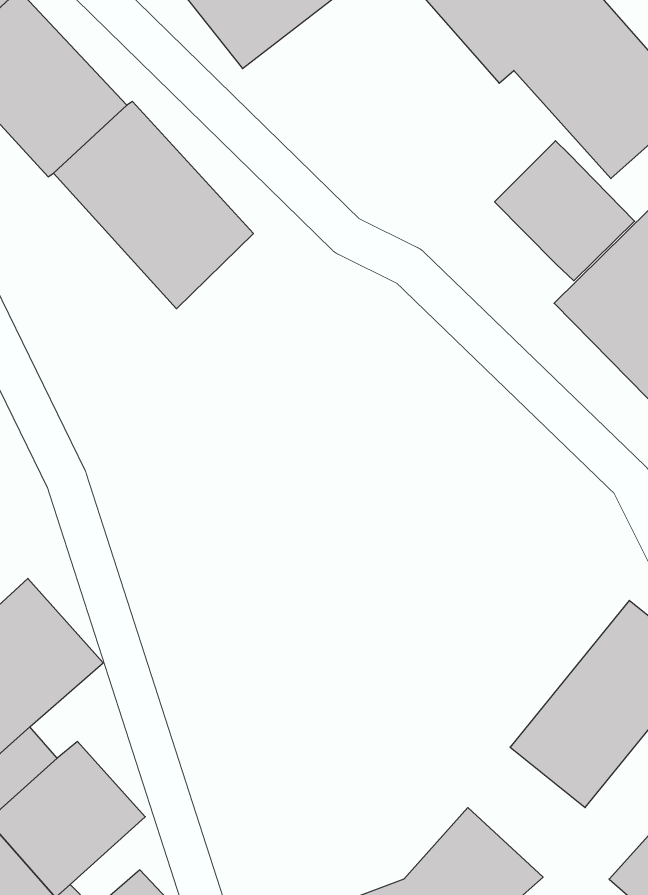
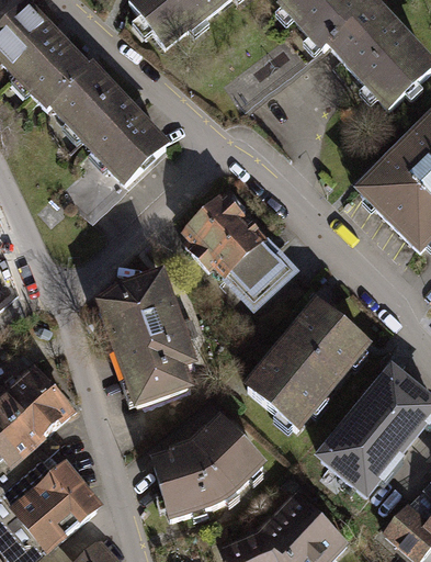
building: [495,141,635,281] -> none
building: none -> [186,193,294,302]
building: none -> [105,271,194,400]
building: none -> [250,300,370,425]
building: none -> [157,419,264,515]

